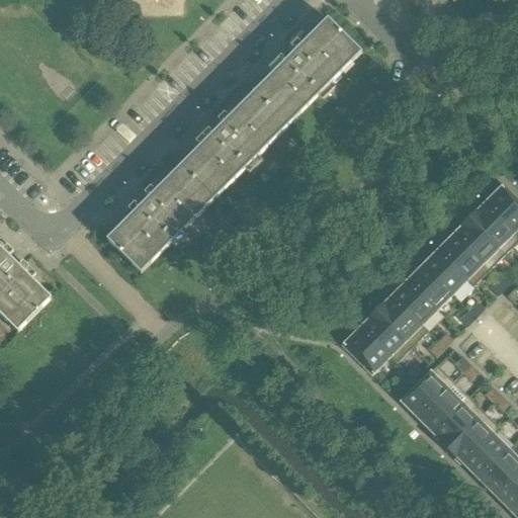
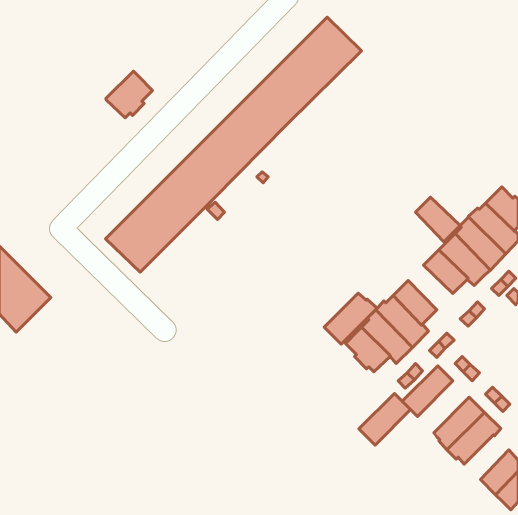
building: none -> [106,71,153,118]
building: [407,264,451,309] -> [415,197,460,242]
building: none -> [324,293,377,344]
building: [416,379,467,431] -> [359,393,411,445]
building: [462,433,507,478] -> none

